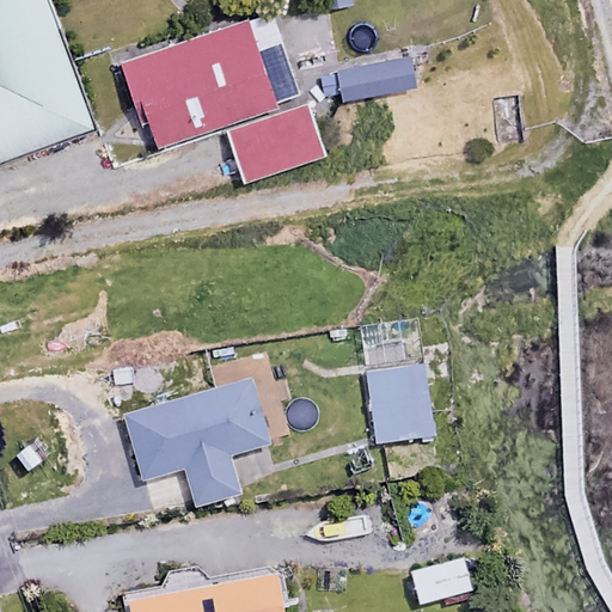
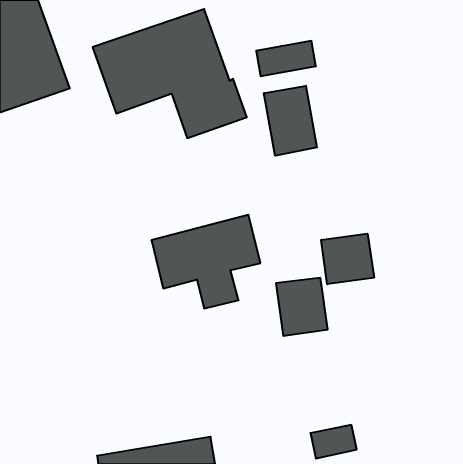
building: none -> [264,86,317,156]
building: none -> [321,234,374,284]
building: [124,382,268,506] -> [151,215,260,308]

